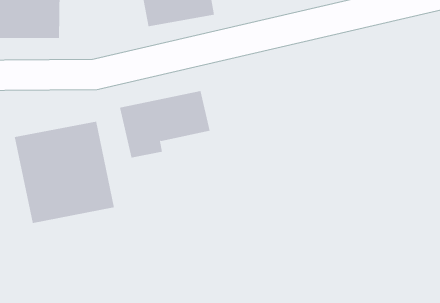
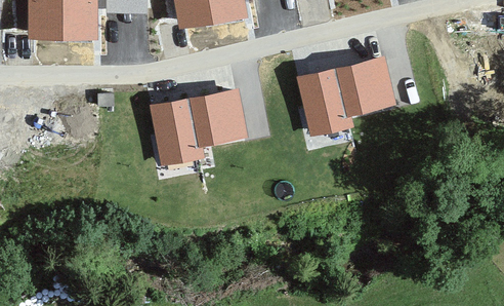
building: none -> [304,59,387,129]
building: [14,121,115,224] -> none

